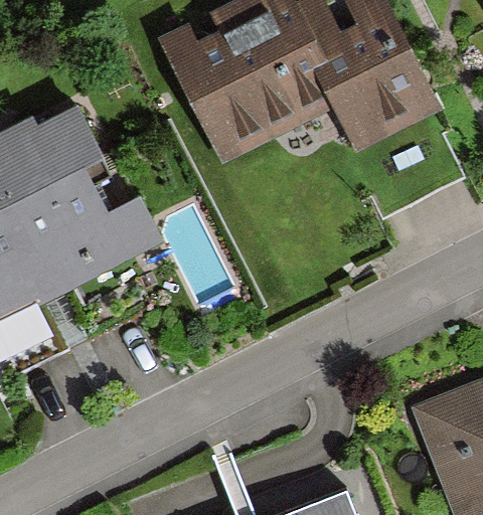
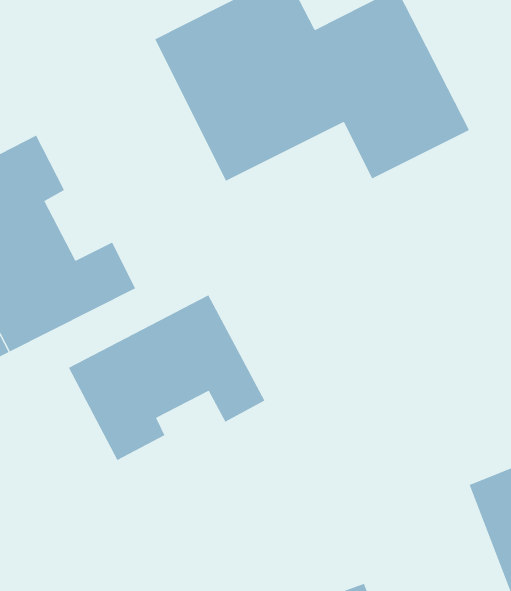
building: none -> [68,295,265,461]

